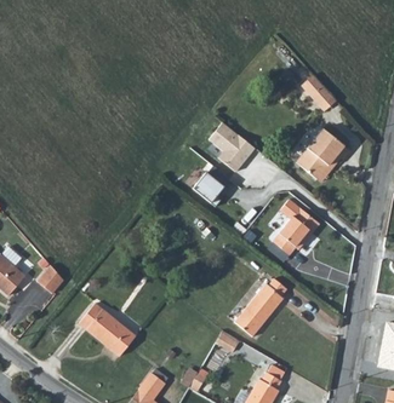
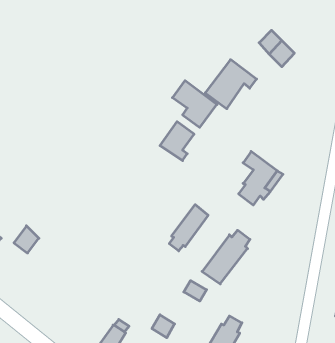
building: [295,121,349,173] -> [205,60,257,109]
building: none -> [169,205,208,251]
building: [80,306,136,357] -> none

